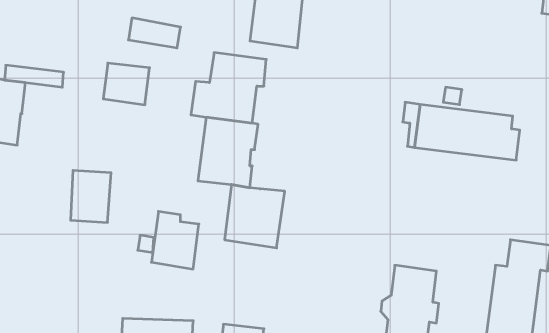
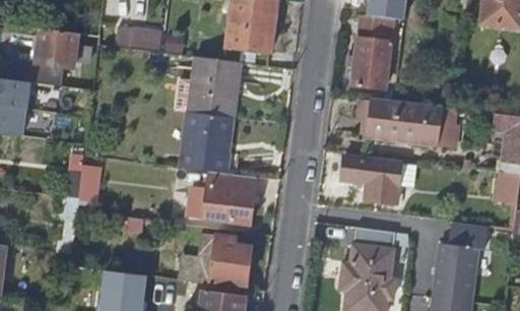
building: none -> [355,13,396,87]
building: [103,63,150,105] -> [35,27,75,64]
building: none -> [342,154,417,201]
building: [151,211,199,269] -> [207,235,249,286]

